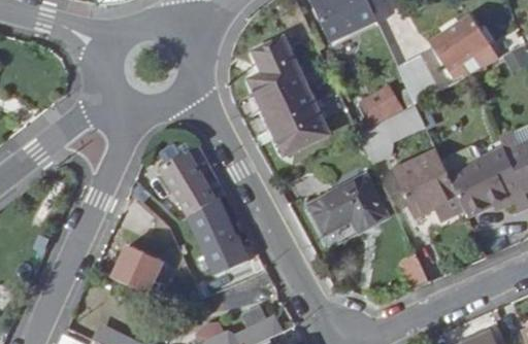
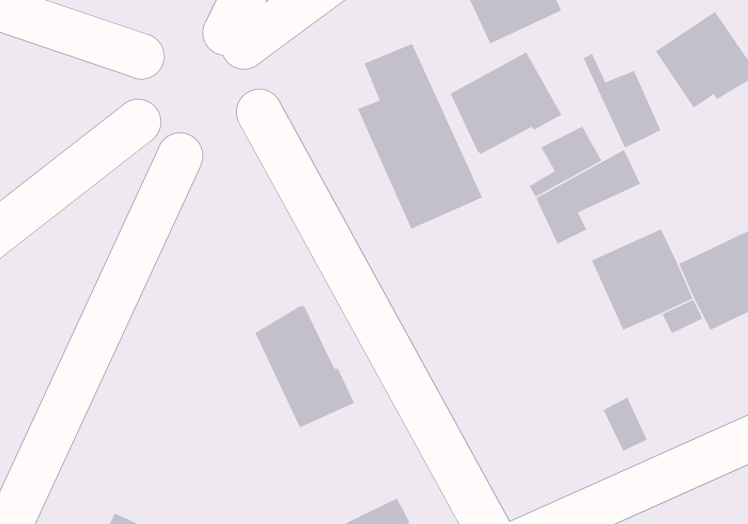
building: none -> [450,51,562,155]
building: [161,145,214,214] -> none
building: [310,176,388,234] -> none
building: [112,243,165,296] -> none

